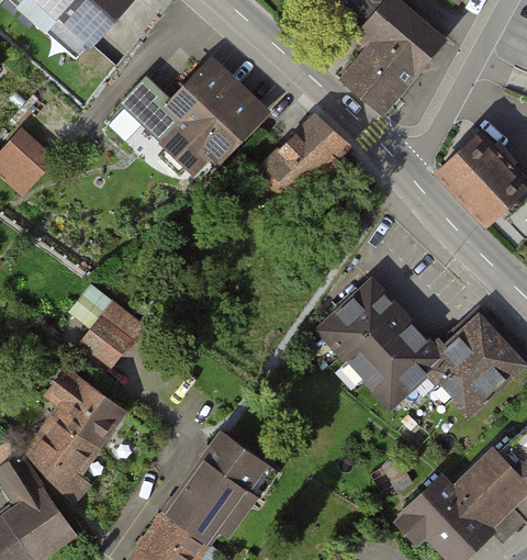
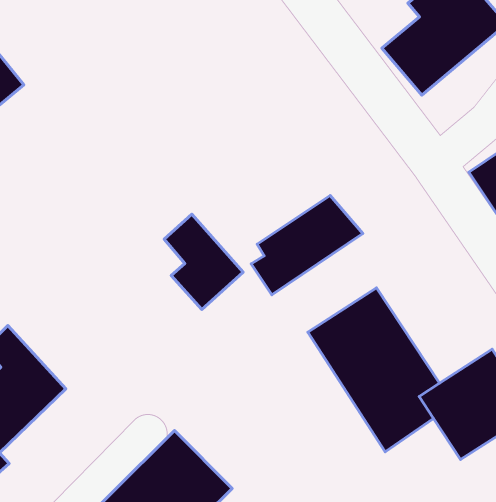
building: [103,68,257,178] -> none
building: [259,119,349,211] -> [251,195,363,295]
building: [71,285,143,365] -> [164,214,243,309]

